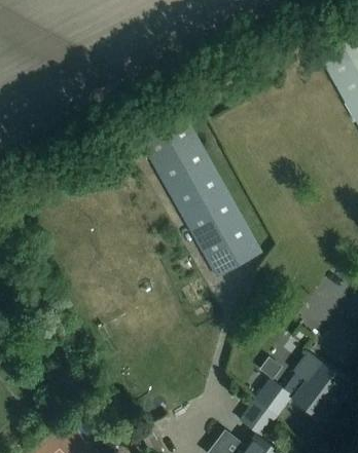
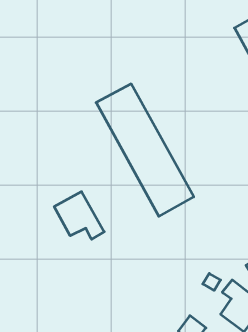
building: none -> [54,192,104,239]
building: [255,381,291,417] -> none

